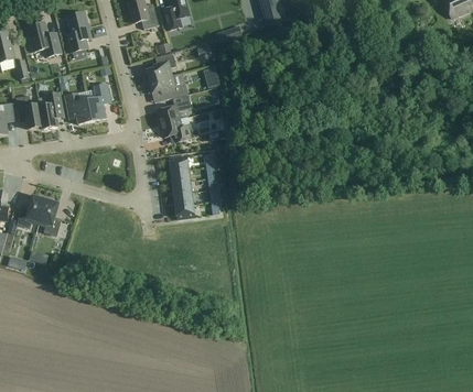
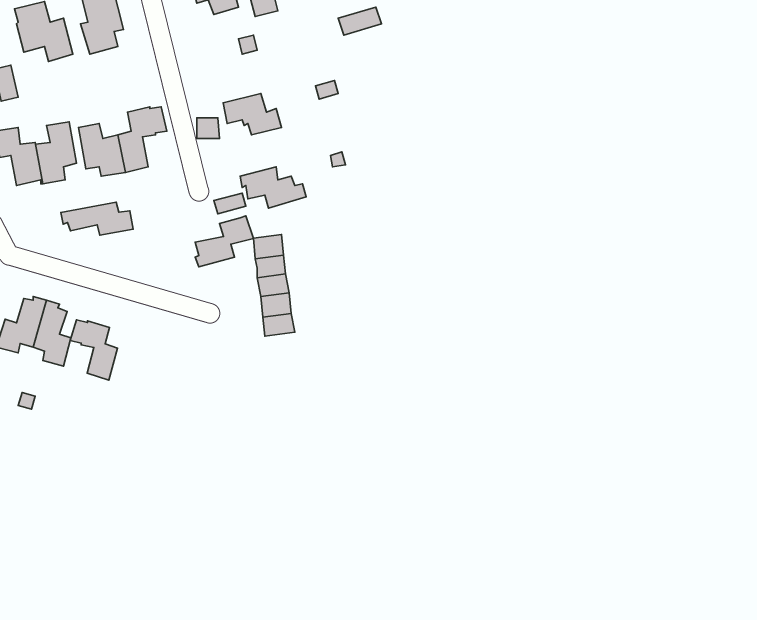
building: [147,52,176,80] -> none
building: [158,94,192,123] -> [195,216,253,267]
building: none -> [61,202,133,235]
building: none -> [70,320,118,380]

